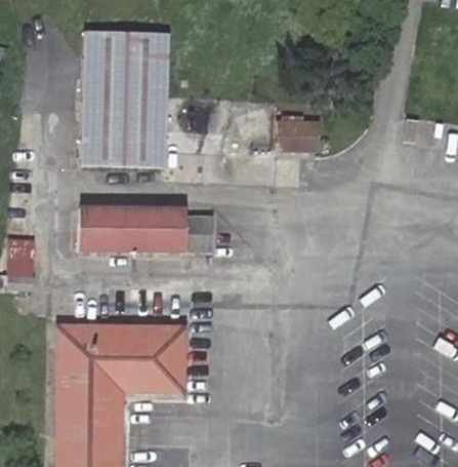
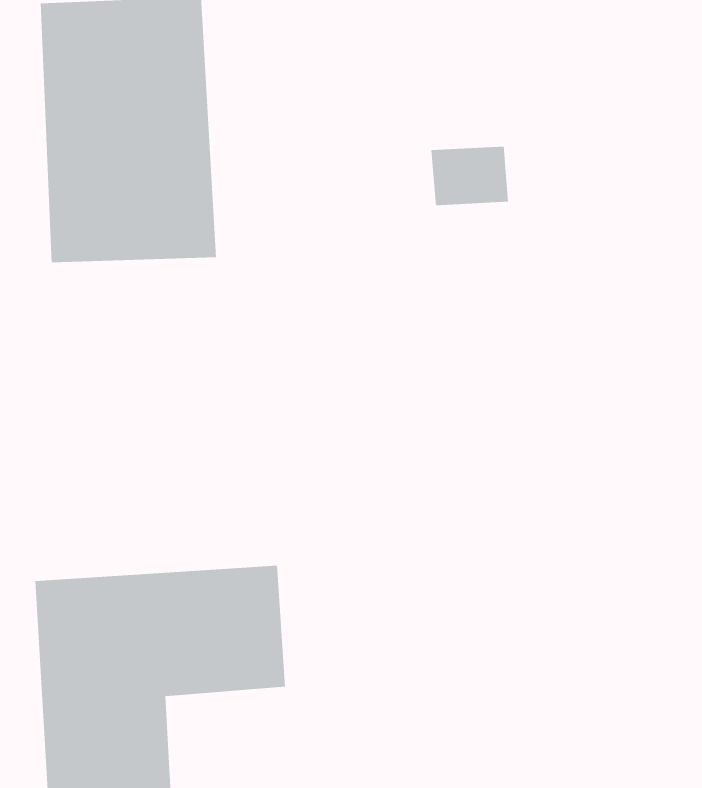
building: [79,206,213,250] -> none

